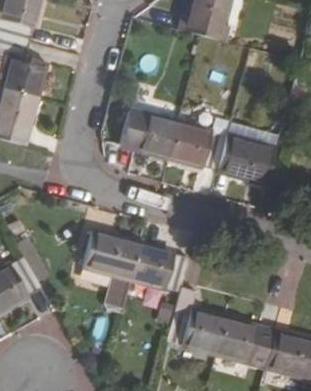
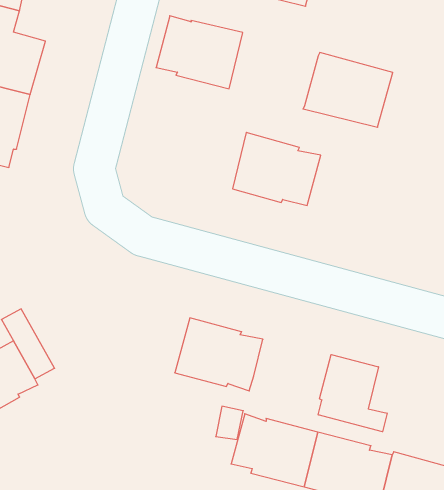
building: [122,110,179,158] -> [156,16,243,89]
building: [218,134,277,183] -> [303,53,393,127]
building: [84,231,142,312] -> none
building: none -> [318,355,387,432]

